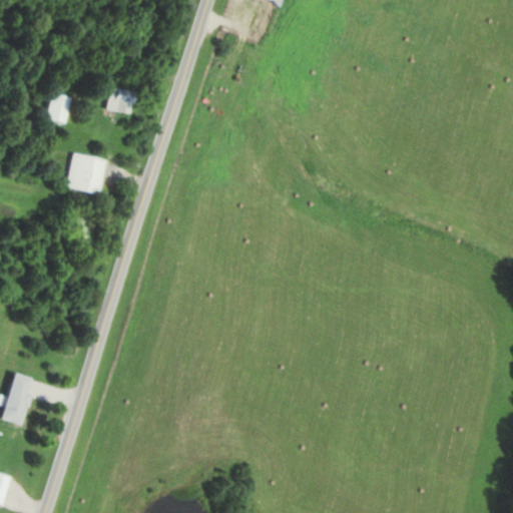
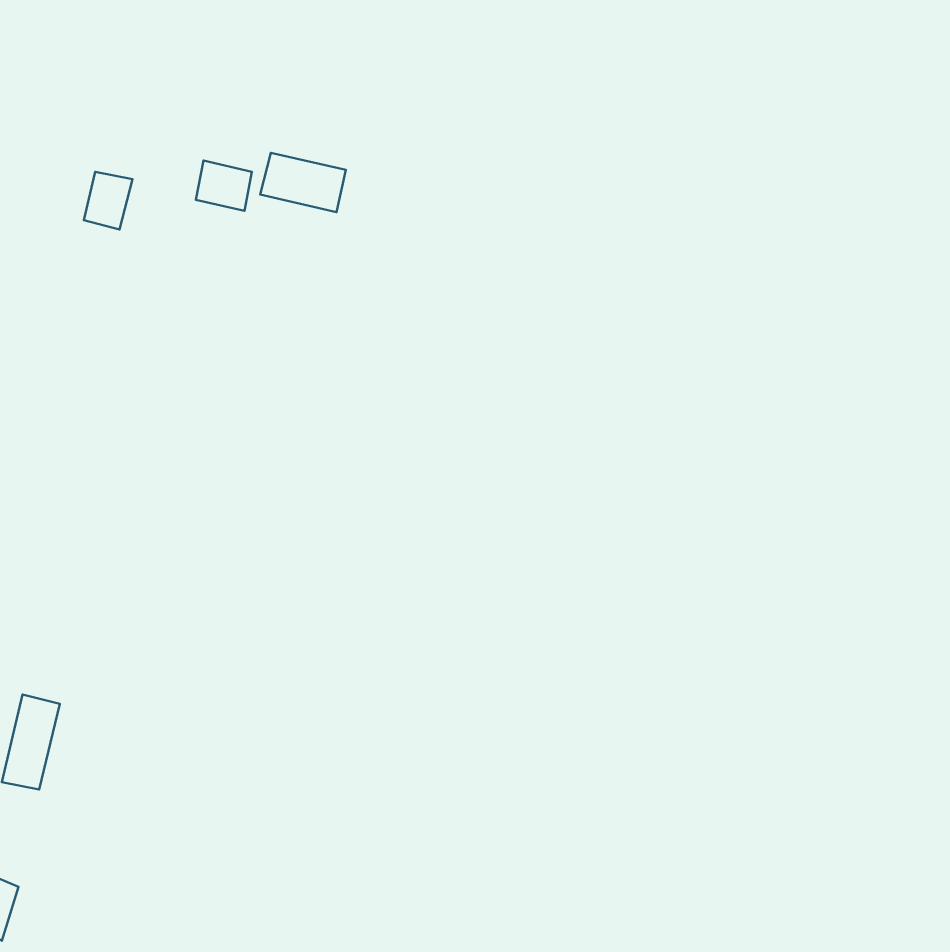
building: none -> [260,153,346,212]
building: [66,153,107,194] -> none

